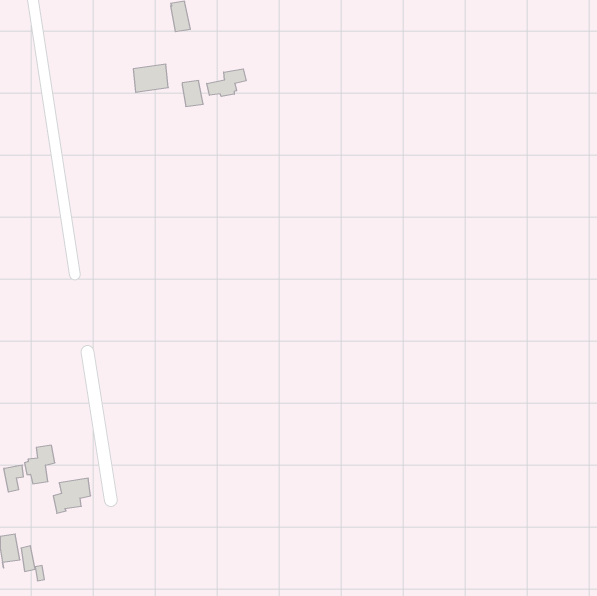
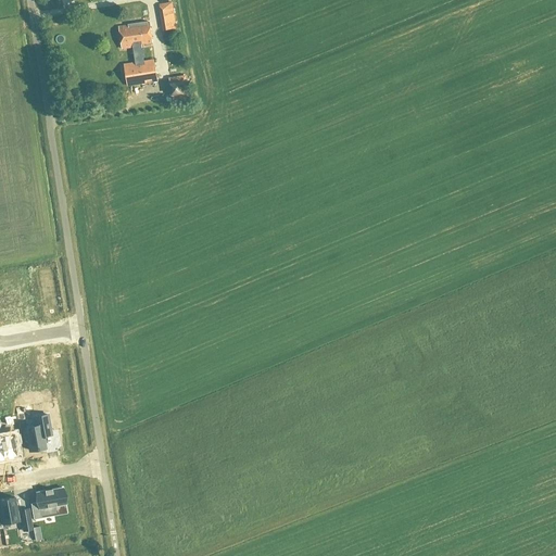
building: none -> [118,22,151,49]
building: [207,69,246,96] -> none
building: [53,478,91,513] -> [30,486,65,519]

